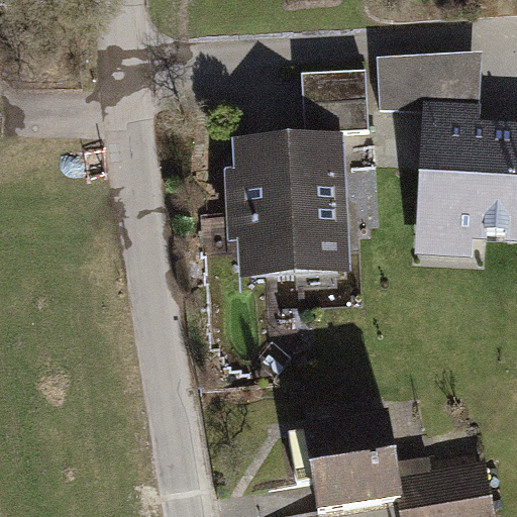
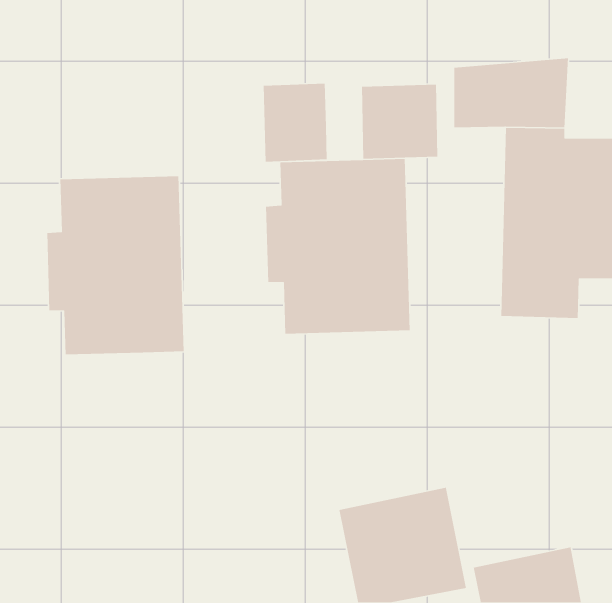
building: none -> [263,83,328,162]
building: none -> [46,175,184,355]

